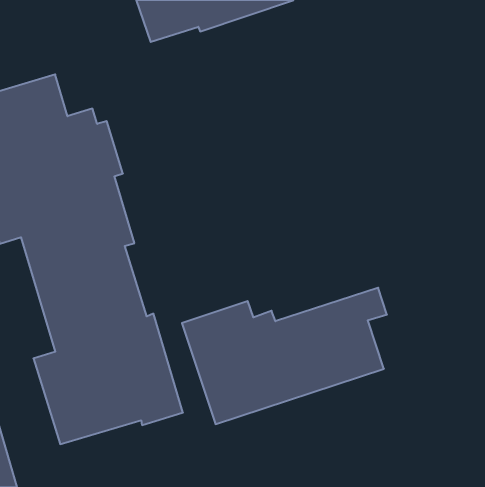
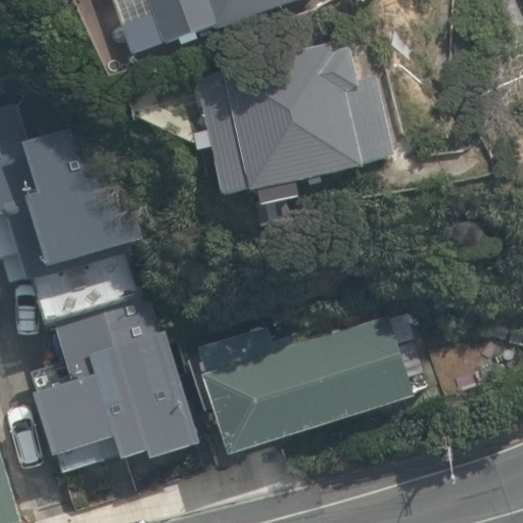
building: none -> [194,43,391,205]

